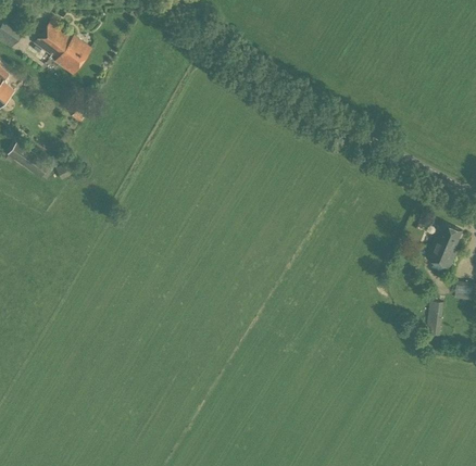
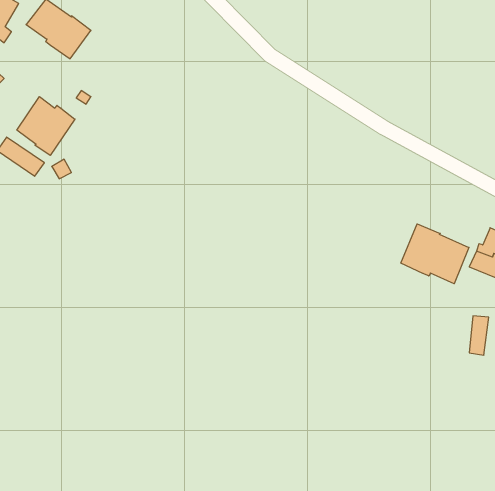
building: none -> [17,97,75,155]
building: none -> [401,224,469,284]

